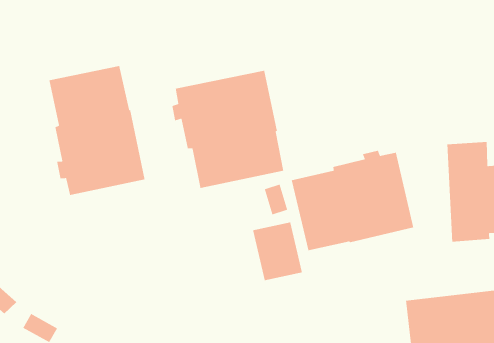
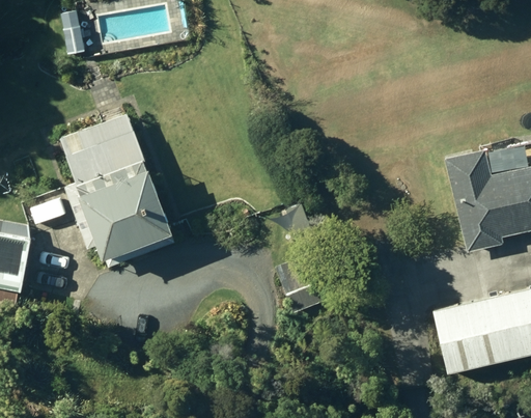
building: [171,70,284,189] -> none
building: [291,150,414,251] -> none

